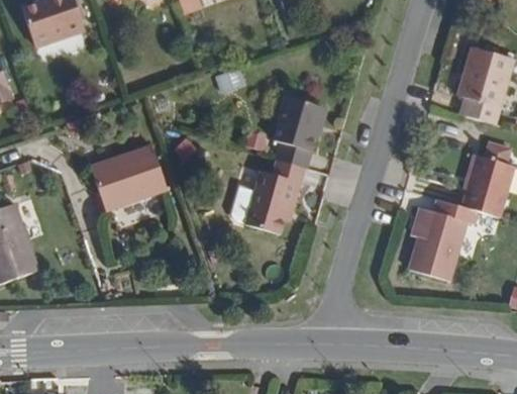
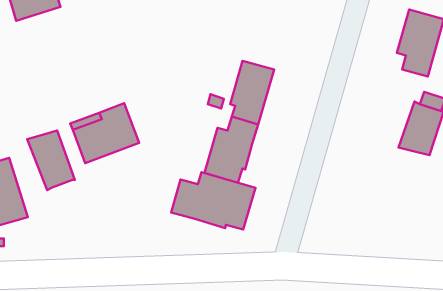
building: none -> [27,131,75,190]
building: [412,194,479,276] -> none
building: none -> [171,172,255,230]

